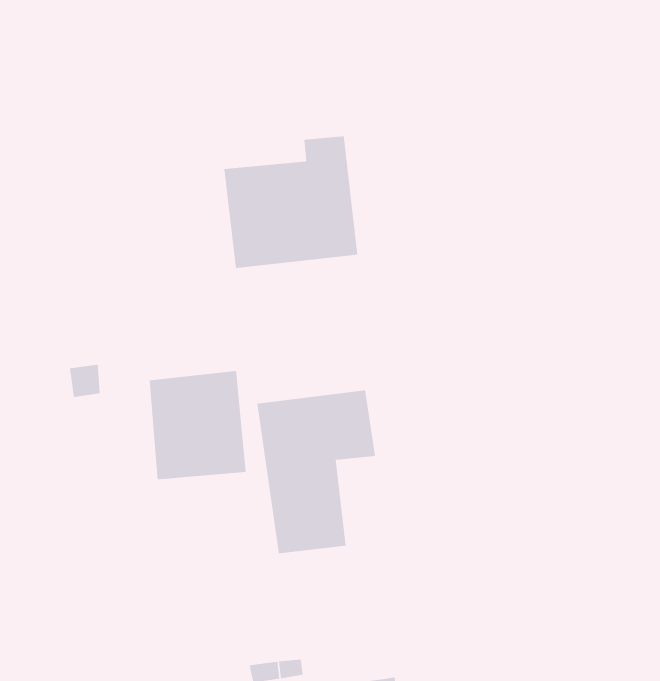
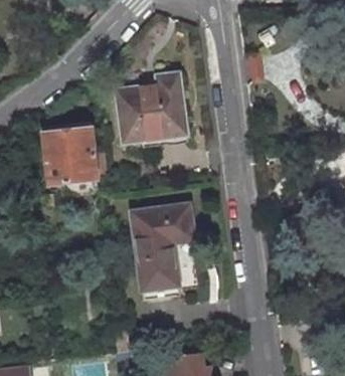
building: [149,371,247,480] -> [45,127,96,183]

